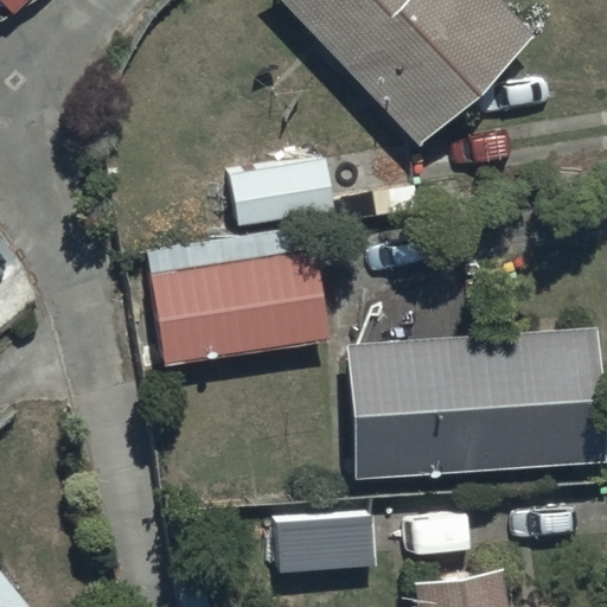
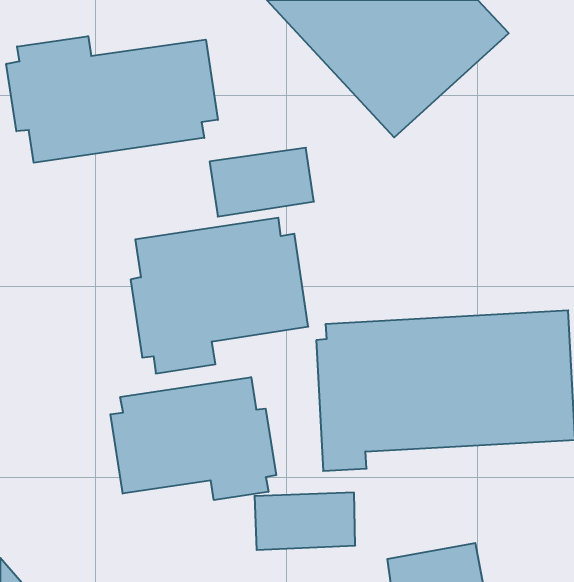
building: none -> [6,36,218,163]
building: none -> [110,377,276,500]

